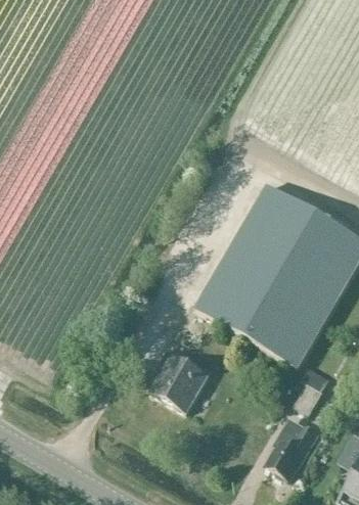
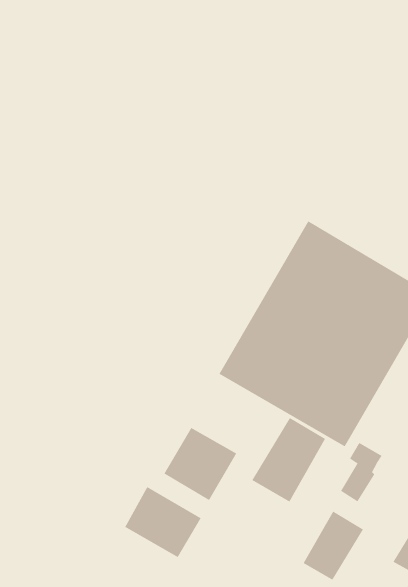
building: none -> [252,417,326,502]
building: none -> [124,486,202,558]

